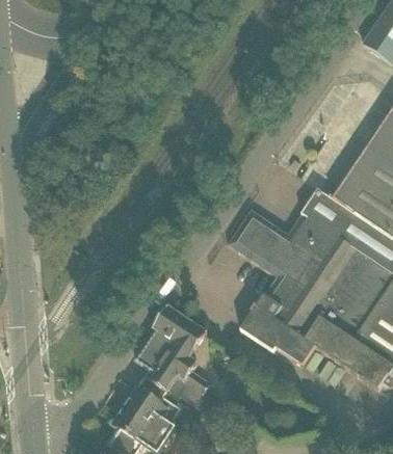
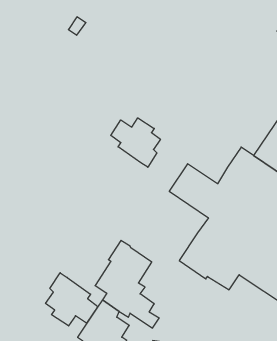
building: none -> [111,118,160,167]
building: none -> [46,273,98,326]

